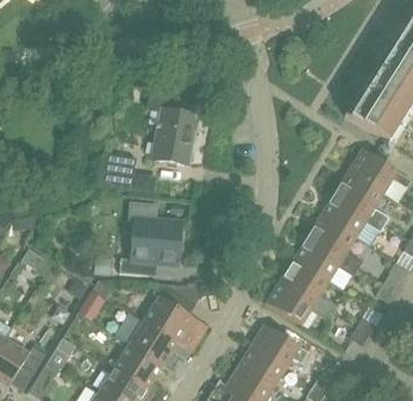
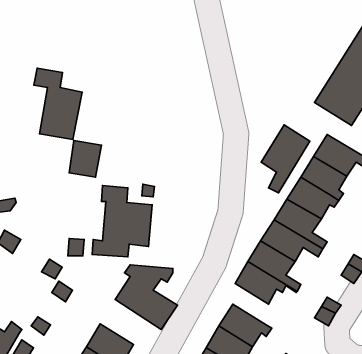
building: [146,89,196,163] -> [34,68,82,140]
building: none -> [261,125,310,193]
building: [127,319,190,365] -> none

